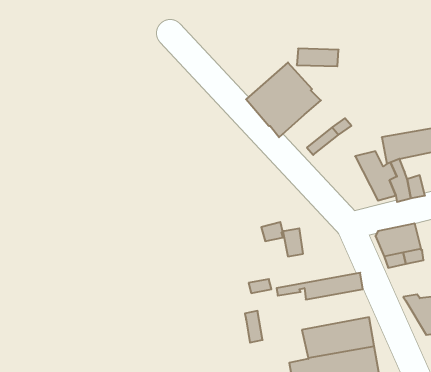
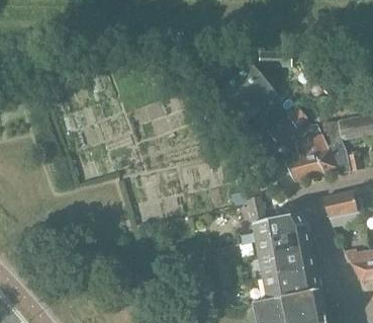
building: none -> [283,138,323,180]
building: none -> [241,214,309,243]
building: none -> [245,244,316,276]

